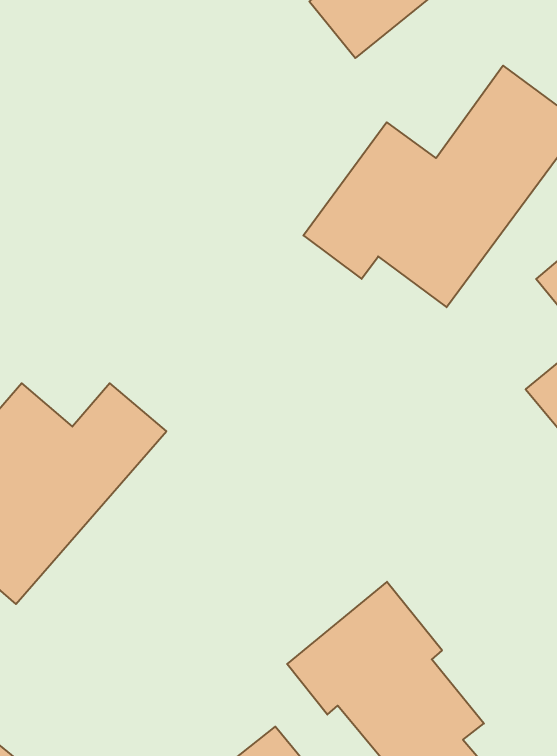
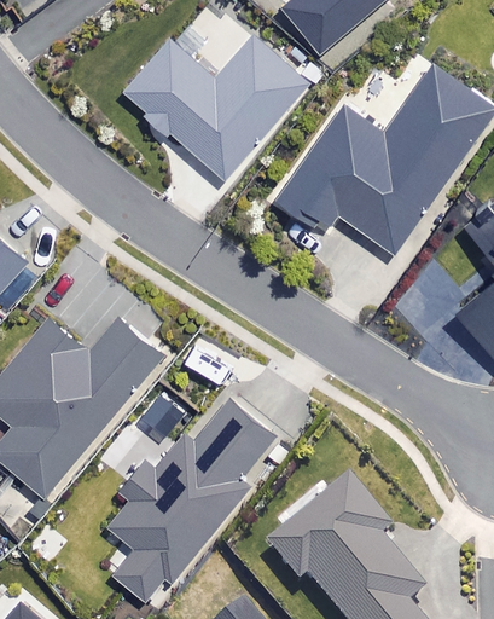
building: none -> [126,35,309,179]
building: none -> [109,397,273,606]

